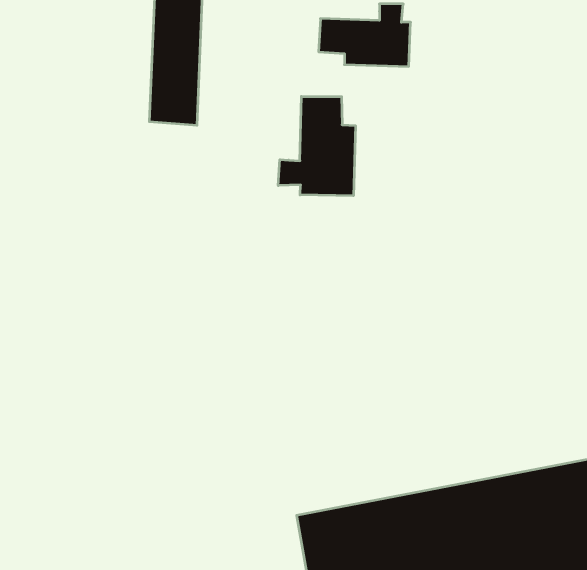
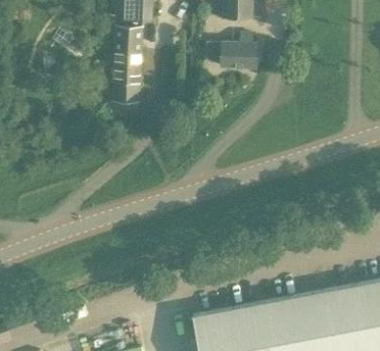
building: [278,96,355,196] -> none

